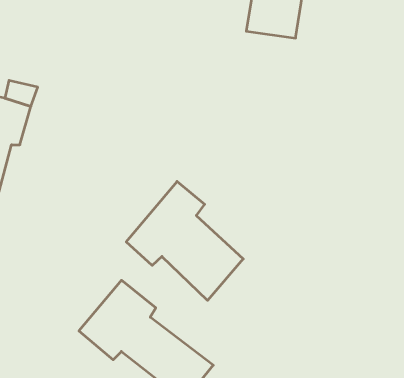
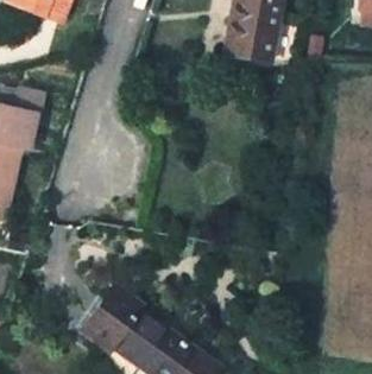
building: [126,181,243,300] -> none

